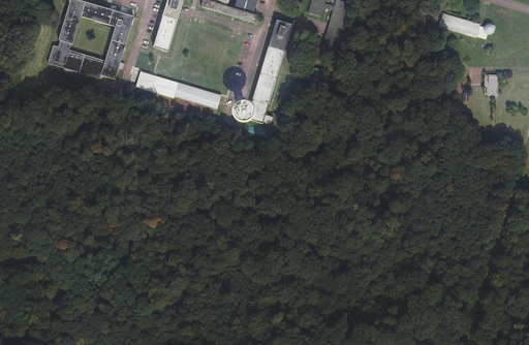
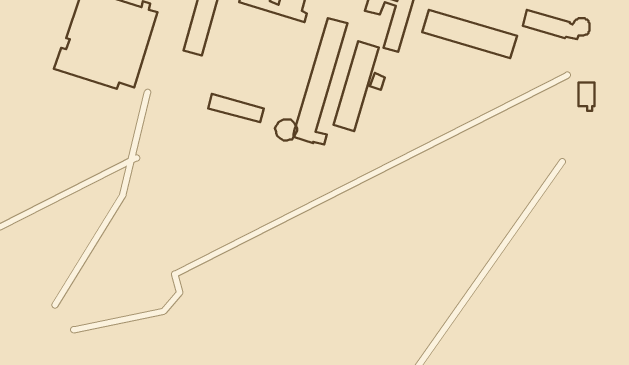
building: none -> [422,10,517,58]
building: none -> [334,41,379,131]
building: [135,72,178,98] -> none

